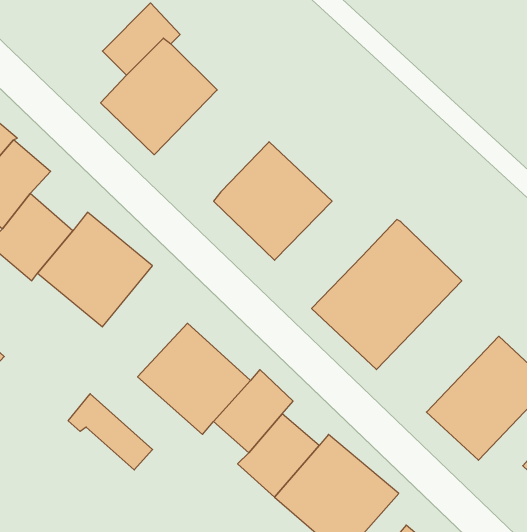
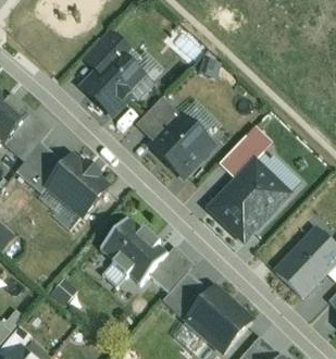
building: none -> [133,97,177,141]
building: none -> [216,126,271,180]
building: [68,394,153,470] -> none

